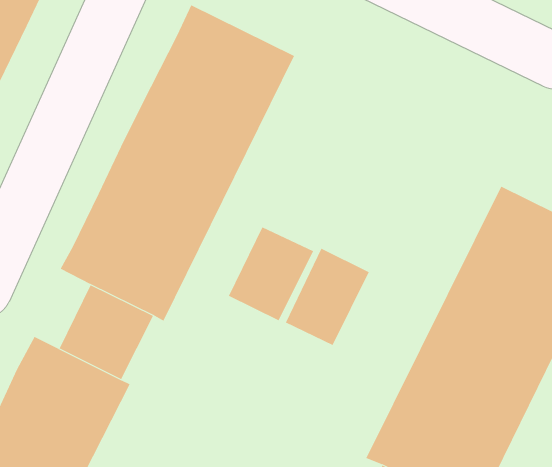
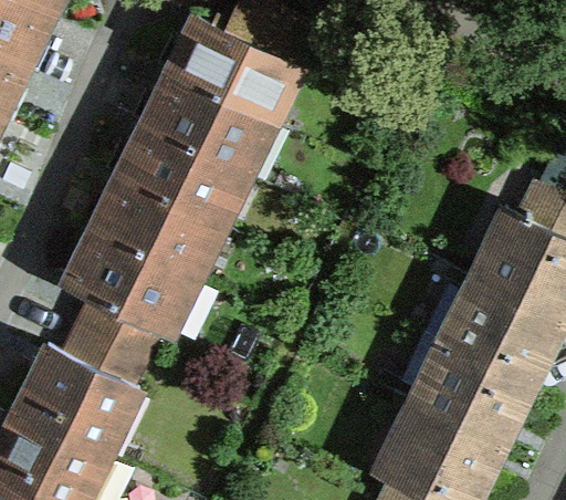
building: [228,227,314,321] -> none
building: [285,248,370,346] -> none

